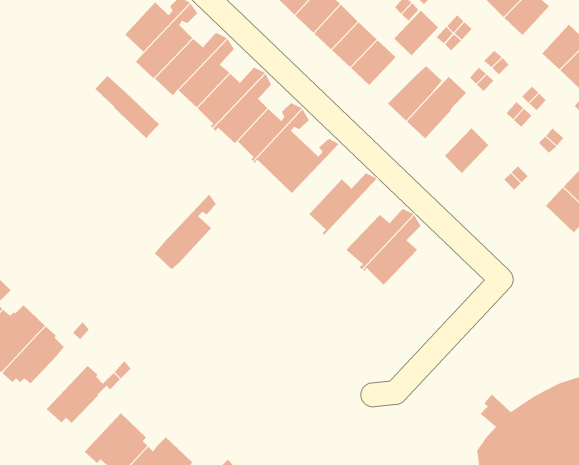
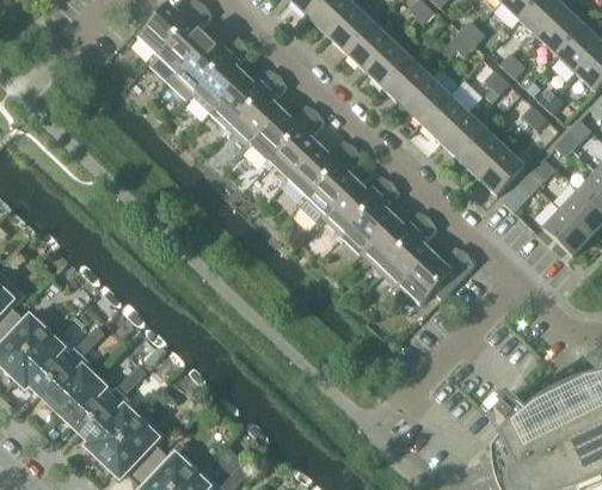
building: none -> [538,7,584,55]
building: [394,10,439,56] -> [383,59,429,105]
building: [95,75,160,139] -> none
building: none -> [440,111,486,158]
building: none -> [477,147,524,195]
building: none -> [338,180,398,252]
building: [154,194,217,270] -> [297,146,361,222]
building: none -> [542,208,589,255]
building: none -> [400,246,473,304]
building: none -> [43,350,100,412]
building: none -> [85,398,134,455]

